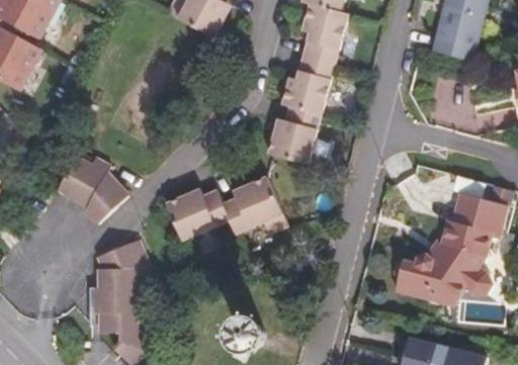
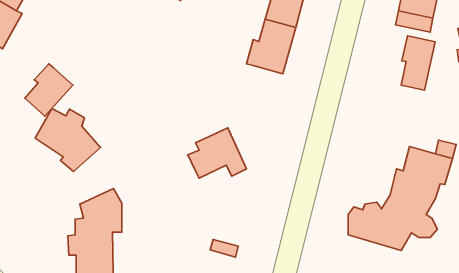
building: none -> [401,36,435,90]
building: none -> [25,64,73,116]
building: [269,107,322,163] -> none
building: [165,192,226,241] -> none

